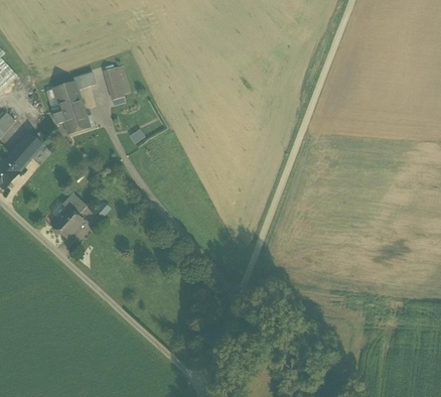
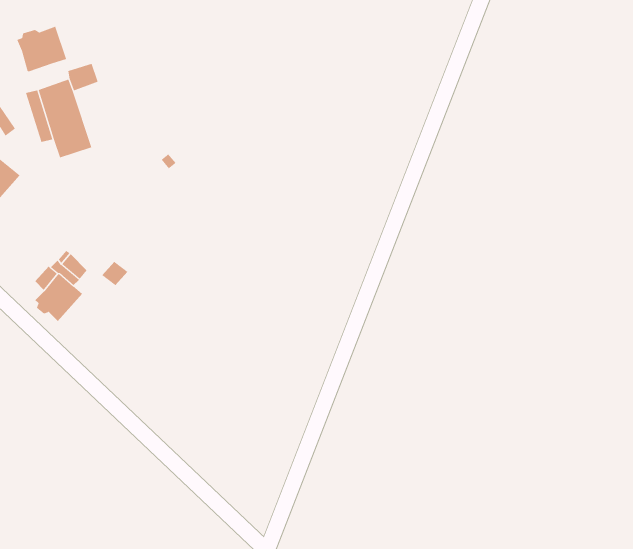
building: none -> [16,26,67,72]
building: [103,64,128,98] -> none

